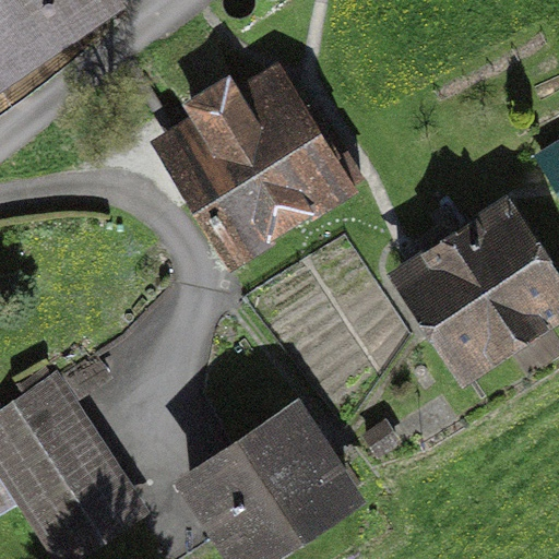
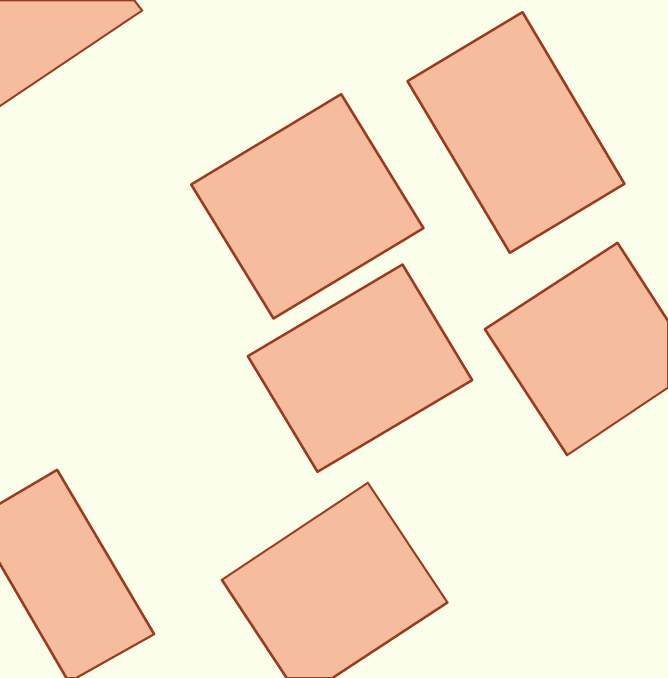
building: none -> [408,12,625,253]
building: none -> [248,264,472,472]

